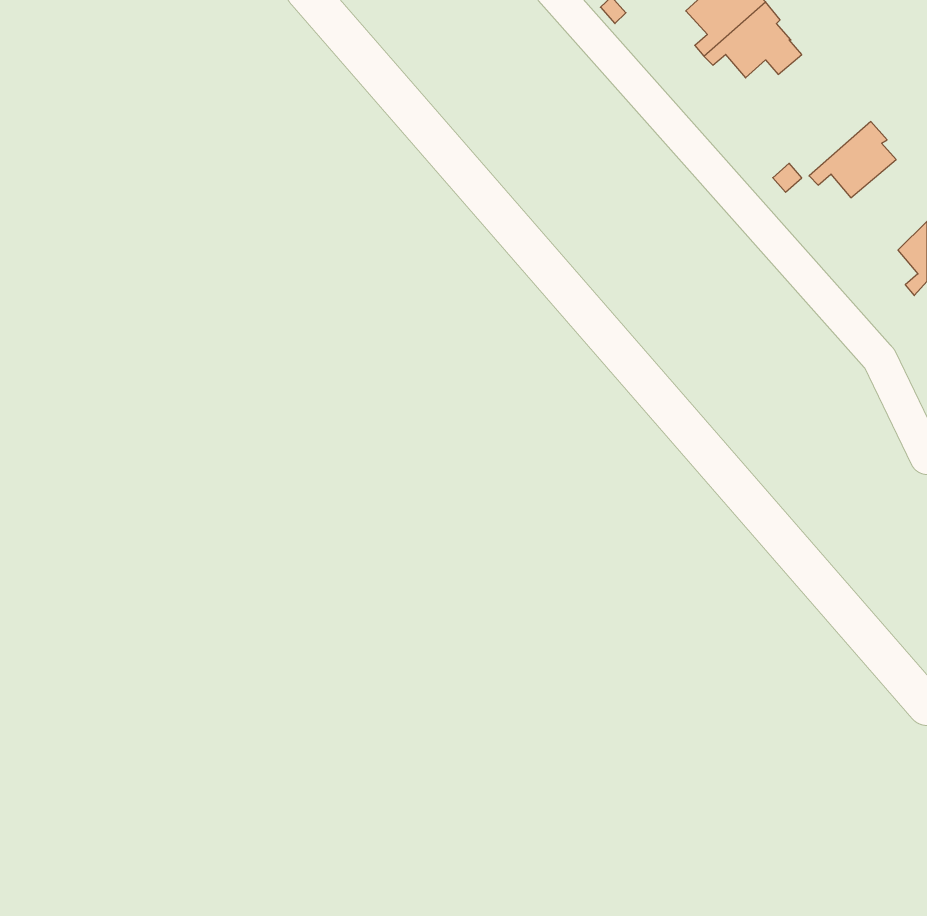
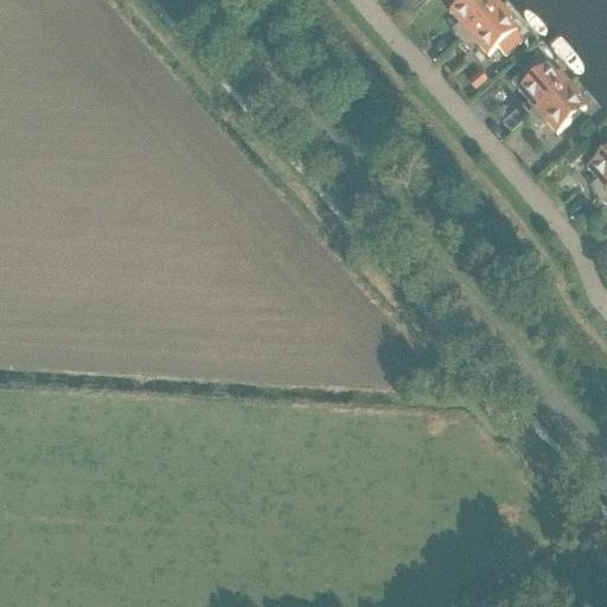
building: none -> [517,59,569,115]

